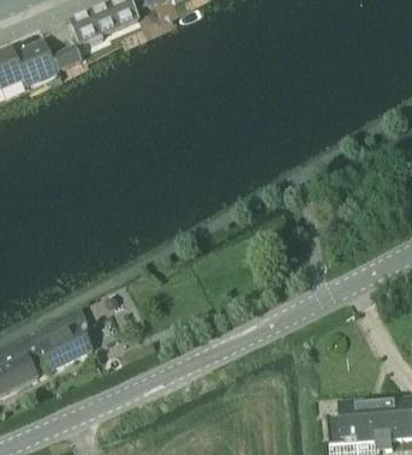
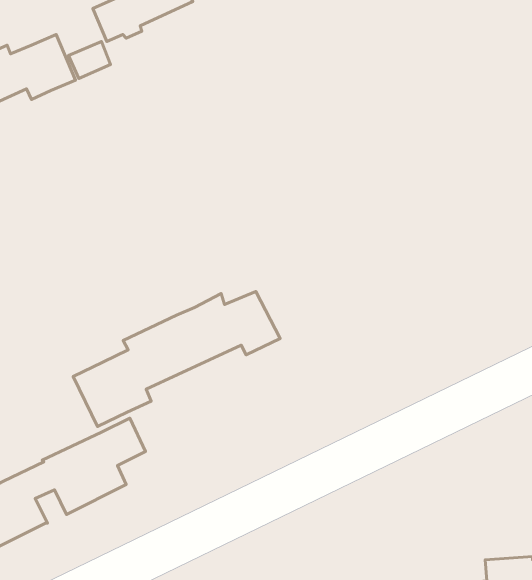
building: none -> [73,291,280,427]

